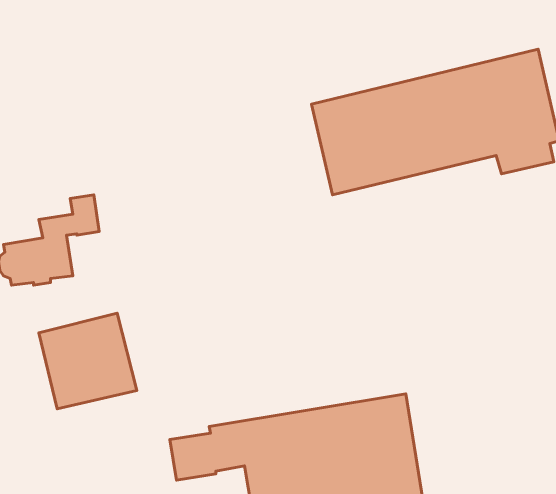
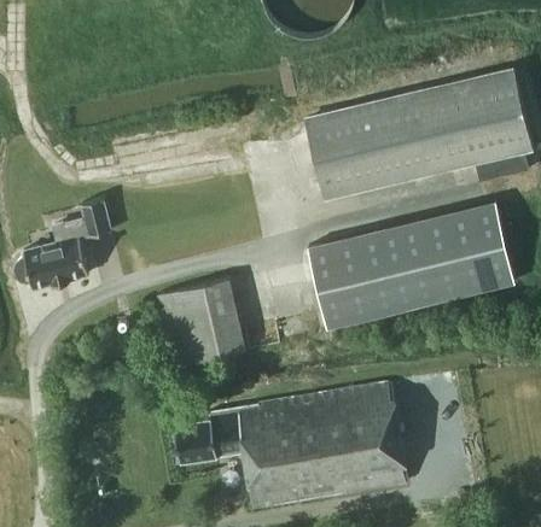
building: none -> [307,203,514,327]
building: [39,313,137,409] -> [156,279,246,367]

